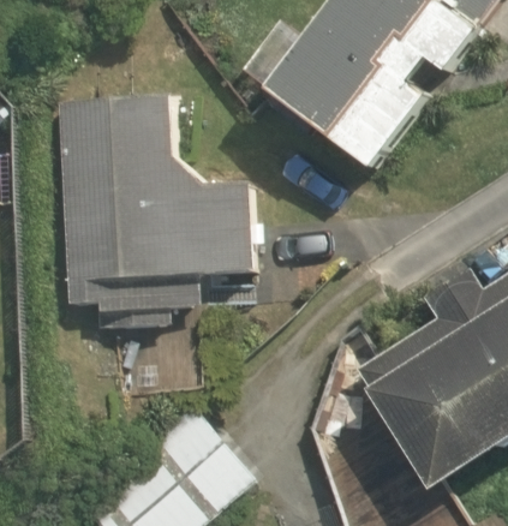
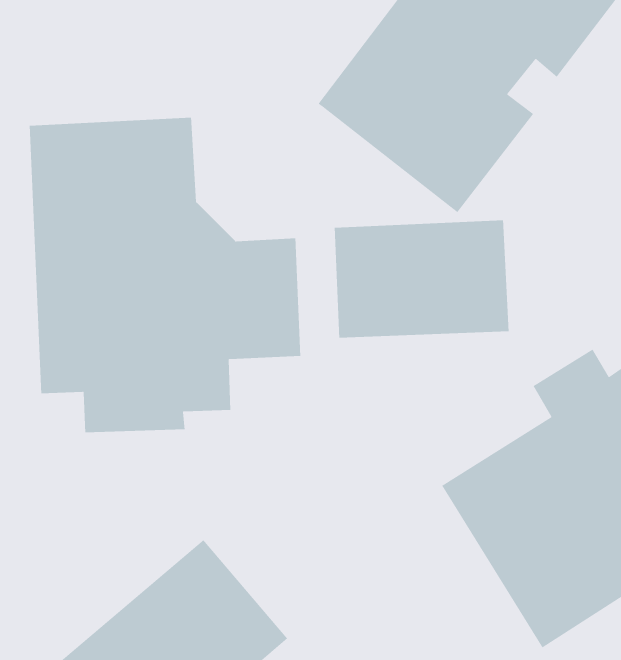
building: none -> [334,220,509,338]

